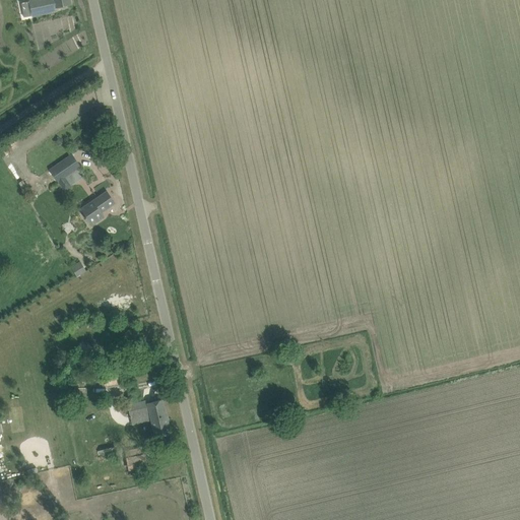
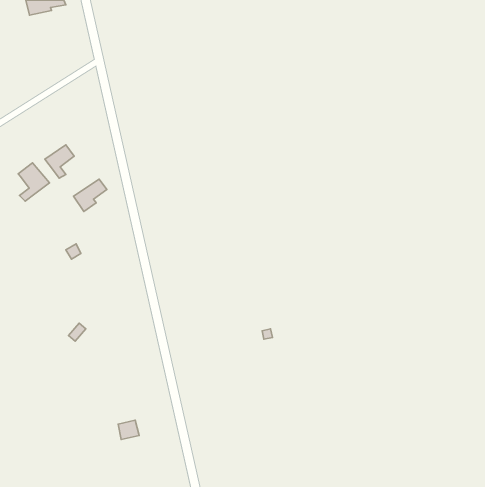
building: none -> [18,163,49,201]
building: [126,399,170,437] -> none

